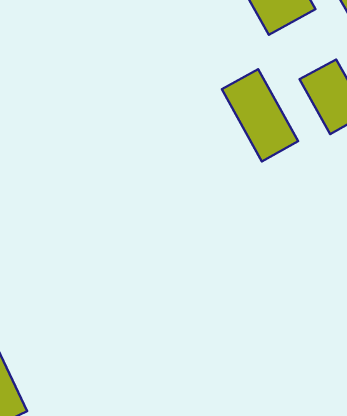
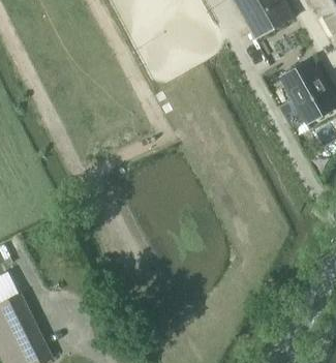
building: [222,69,298,161] -> none

